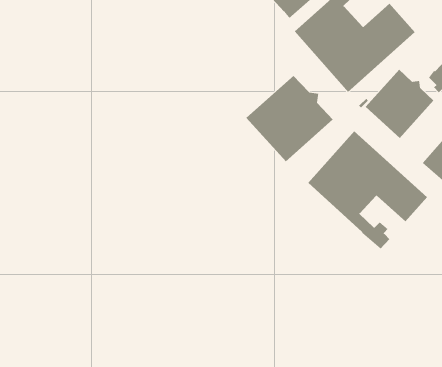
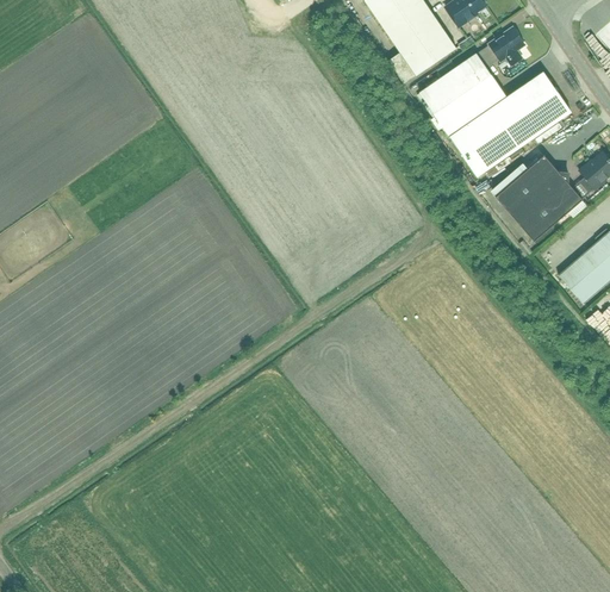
building: [246,75,334,162] -> none
building: [307,130,428,249] -> none

